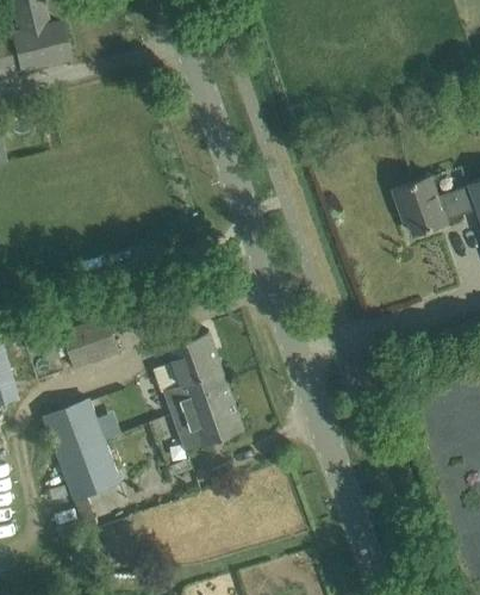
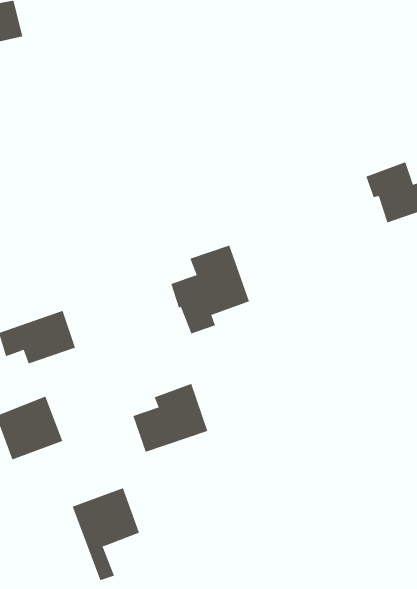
building: [154,333,229,417] -> [171,245,250,334]
building: [58,441,123,529] -> [72,487,140,581]

